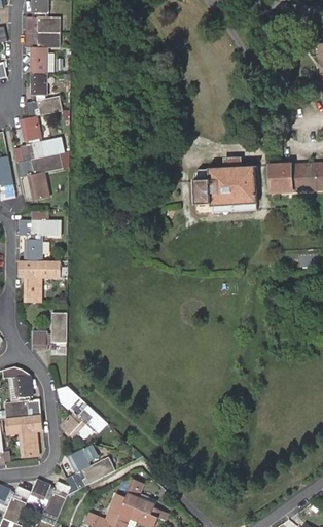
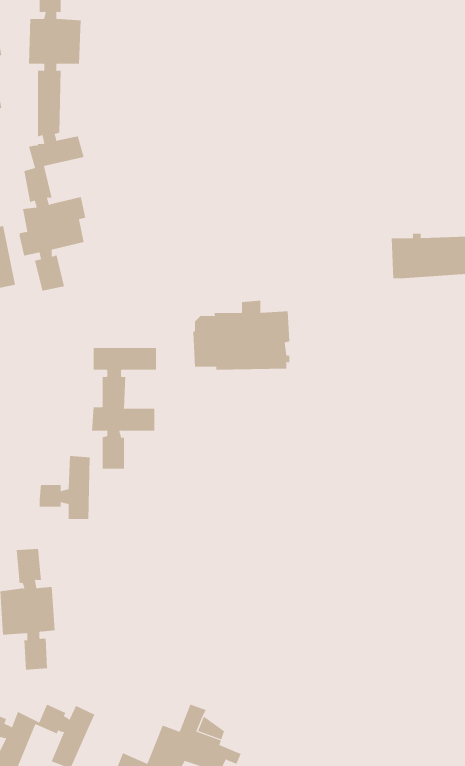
building: [192,159,258,206] -> [193,300,290,370]
building: [19,220,63,303] -> [91,347,157,469]
building: [60,397,104,437] -> none
building: [69,445,114,489] -> none

